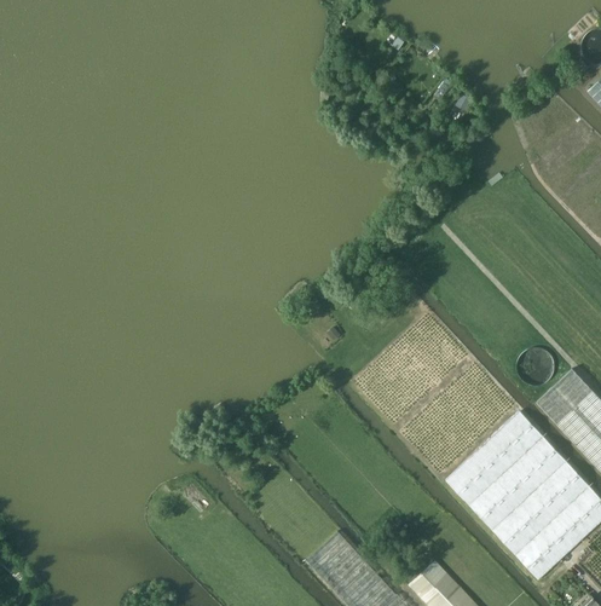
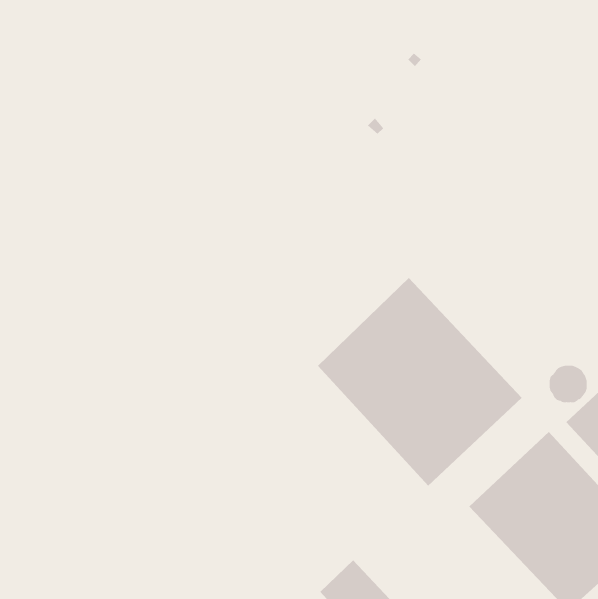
building: none -> [317,277,523,486]

